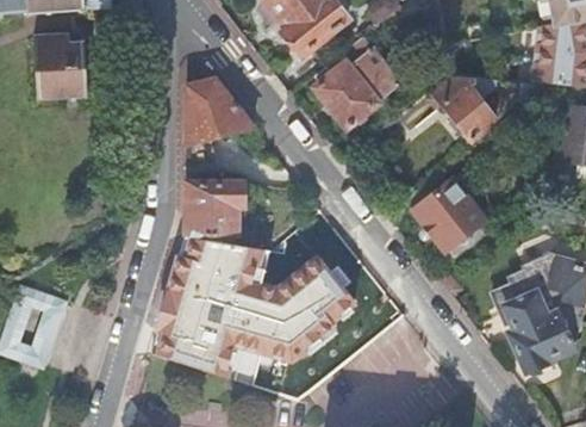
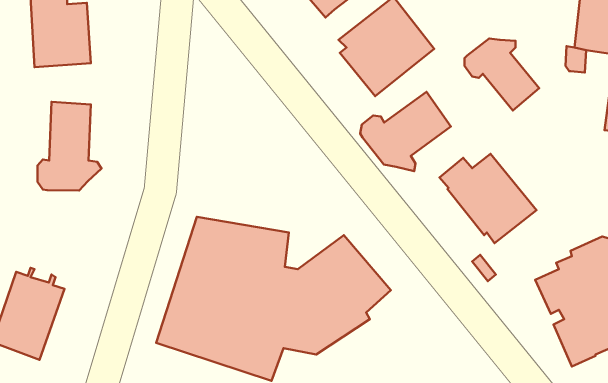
building: [185,76,255,236] -> none
building: none -> [360,92,451,171]
building: none -> [38,102,101,190]

